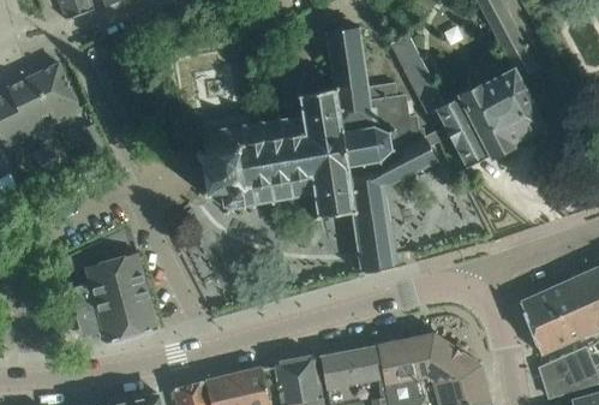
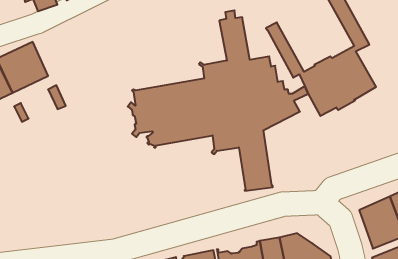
building: [73,252,157,344] -> none

